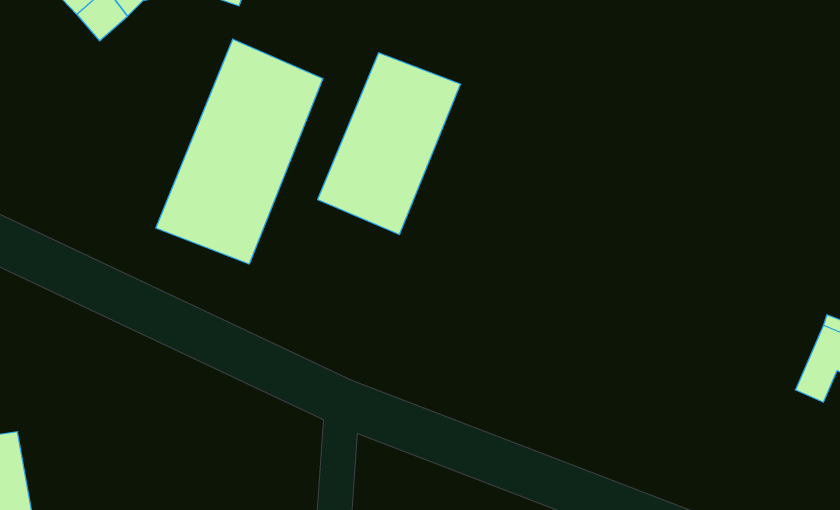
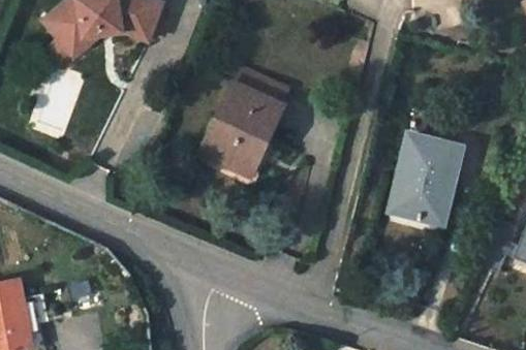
building: [156,39,323,264] -> none
building: none -> [393,133,457,217]

